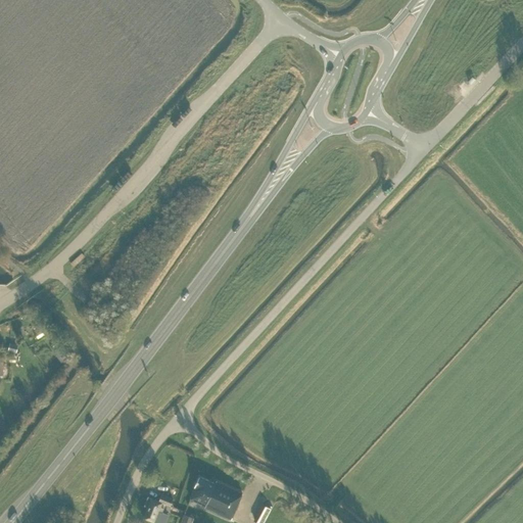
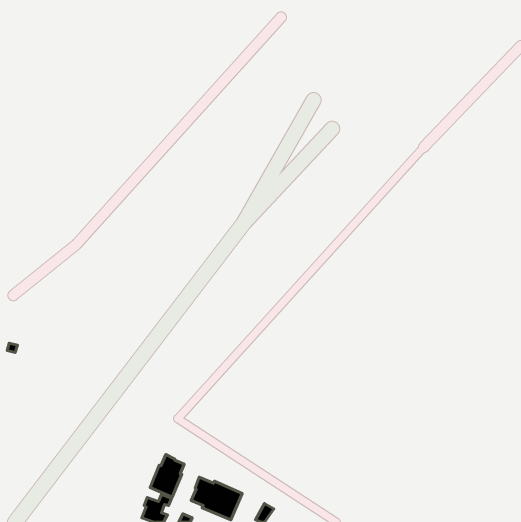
building: none -> [150,455,184,497]

